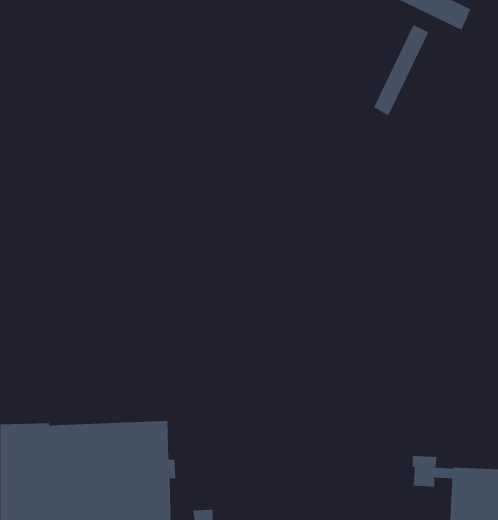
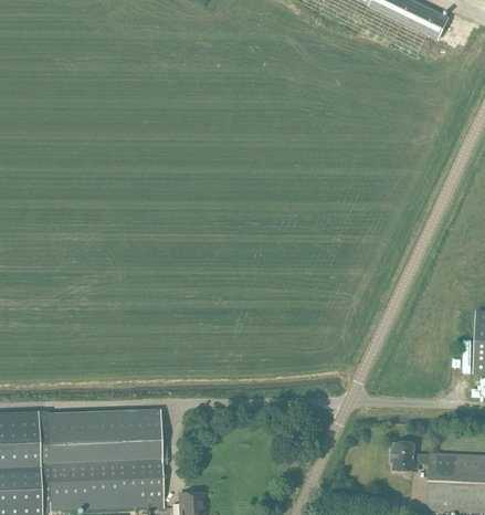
building: [373,24,429,116] -> none

